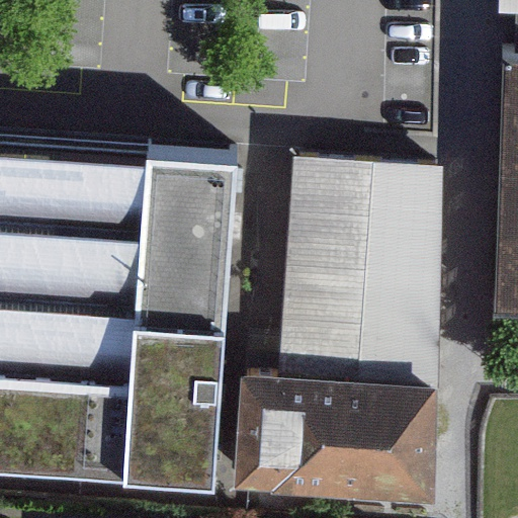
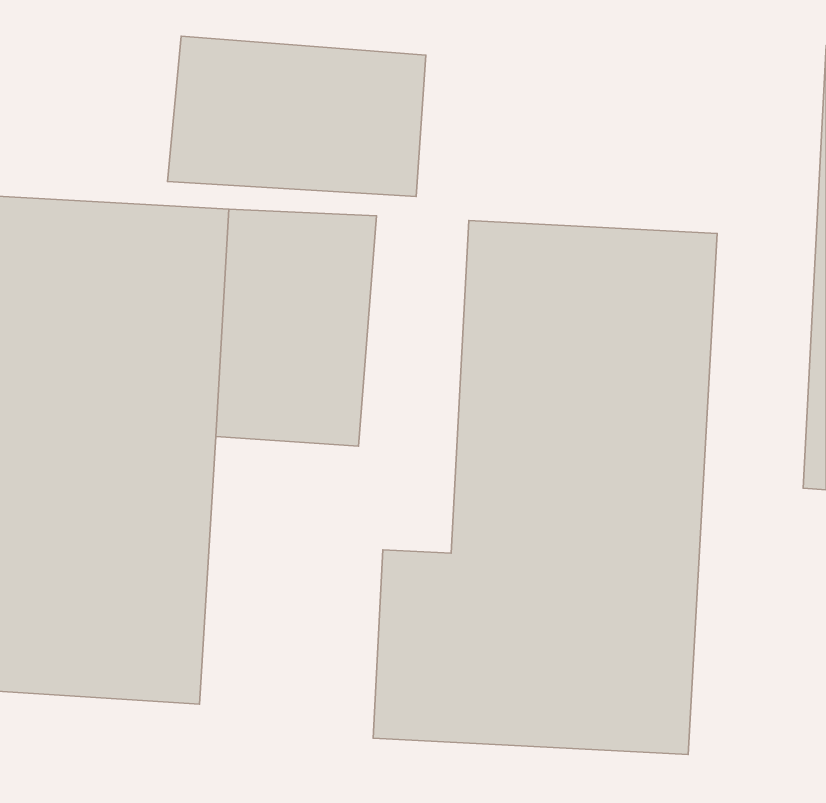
building: none -> [168,36,426,196]
building: [124,288,224,460] -> none

